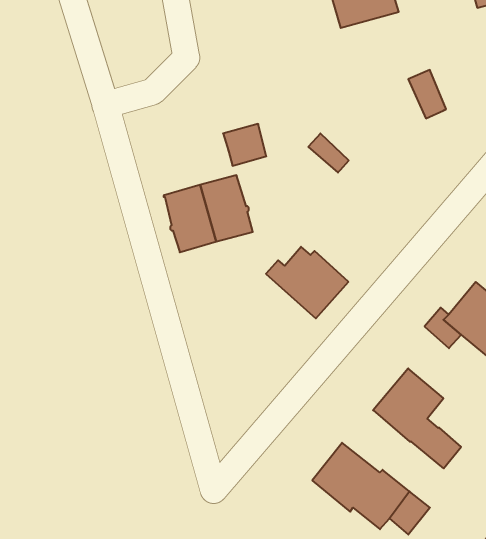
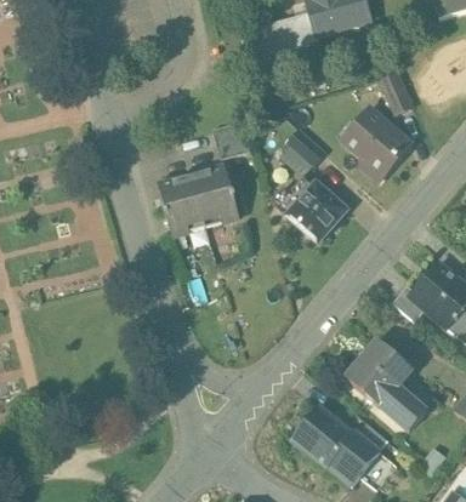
building: none -> [350,108,409,179]
building: [266,247,348,318] -> [272,176,346,240]

